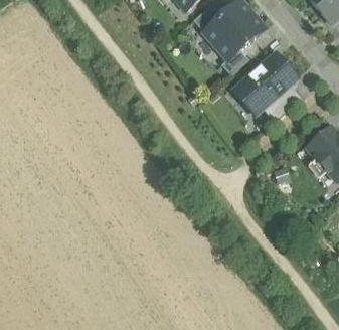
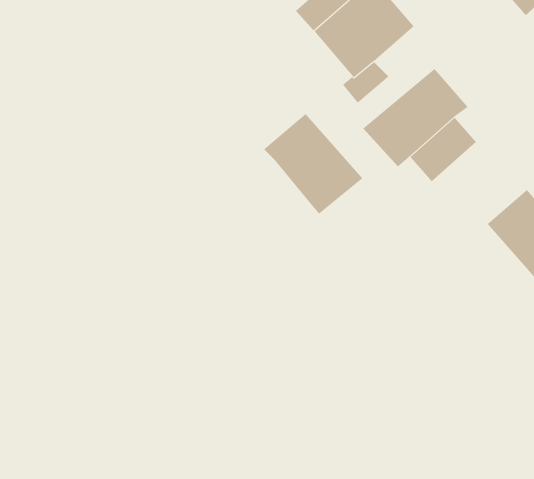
building: none -> [263,113,363,214]

